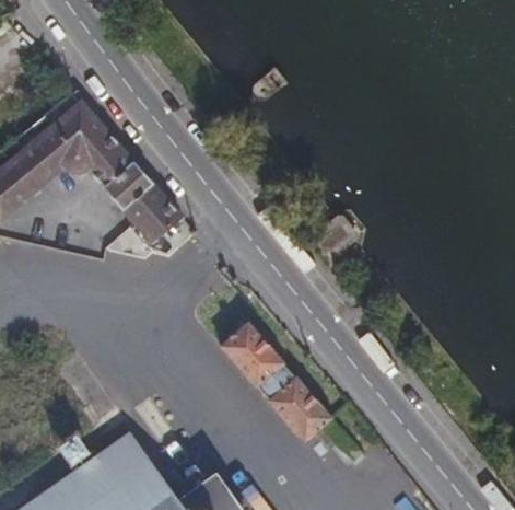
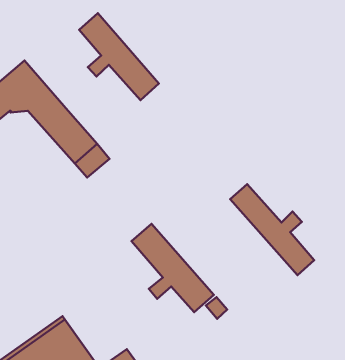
building: none -> [79,13,159,100]
building: none -> [230,184,314,275]

